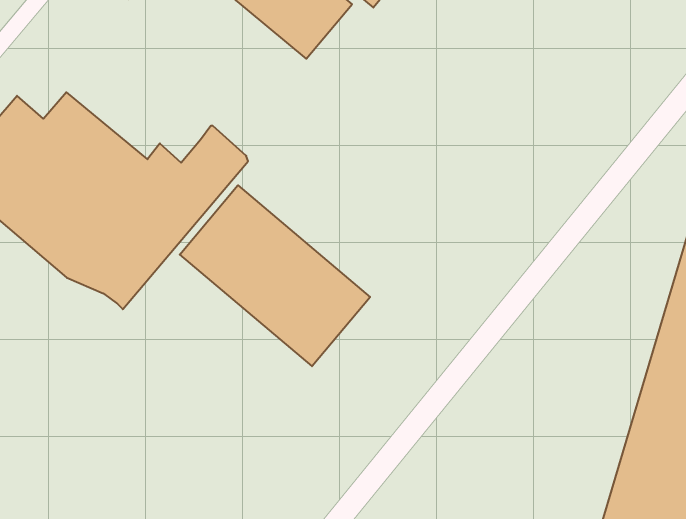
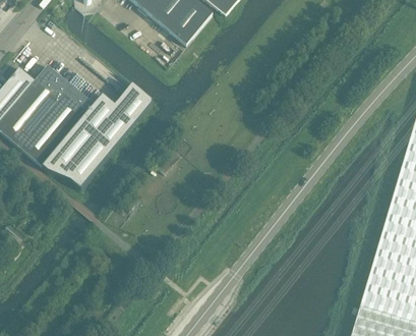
building: [180,185,370,366] -> none

